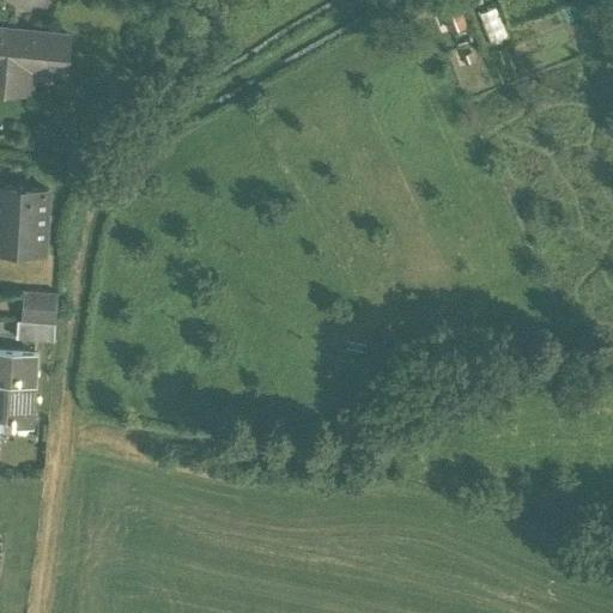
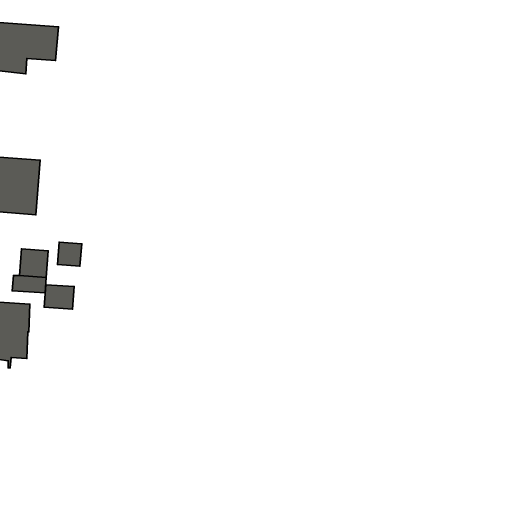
building: none -> [57,242,82,266]
building: none -> [44,285,74,309]

